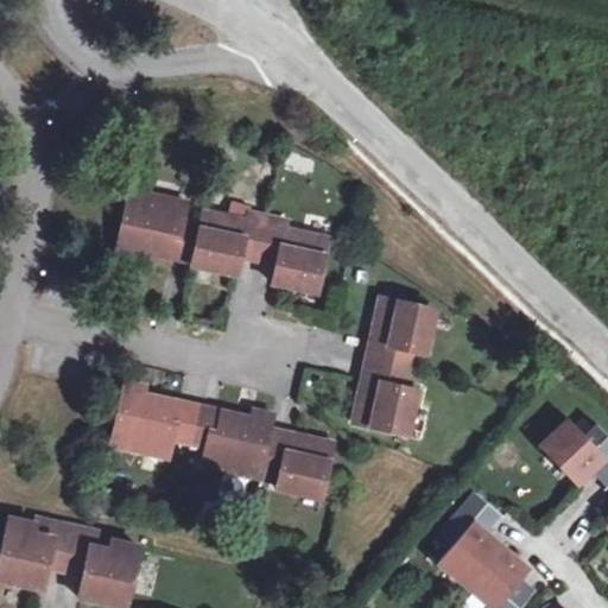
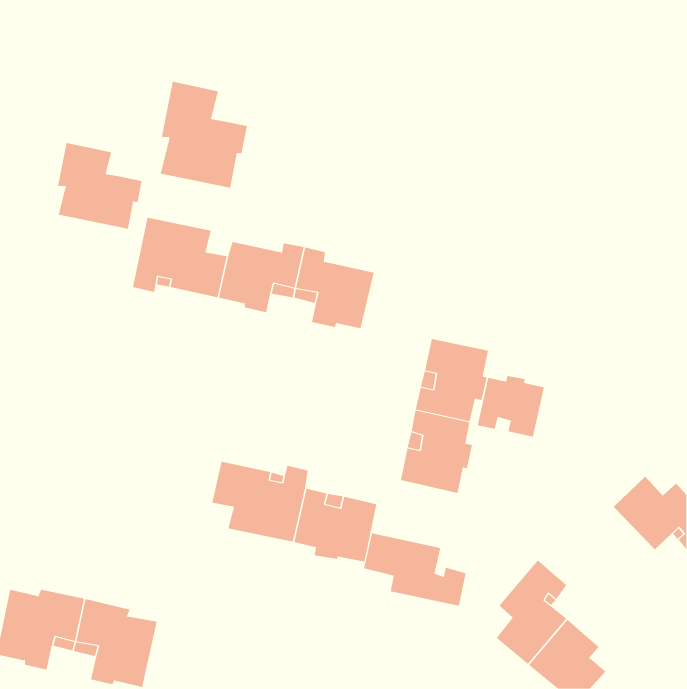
building: none -> [160,81,247,189]
building: none -> [58,142,142,230]
building: none -> [477,375,545,438]
building: [109,381,195,458] -> none
building: none -> [364,533,466,607]

